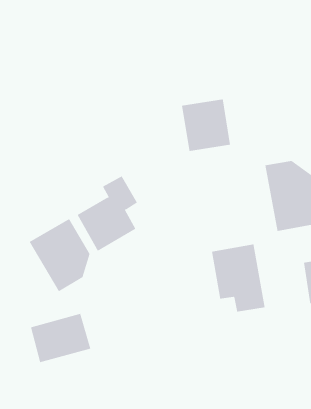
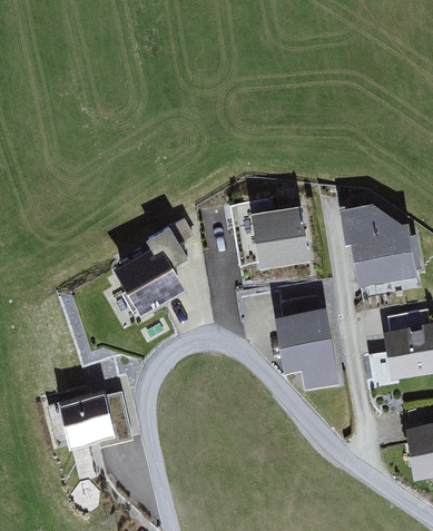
building: [181,99,231,151] -> [252,205,311,267]
building: [29,218,90,292] -> none

